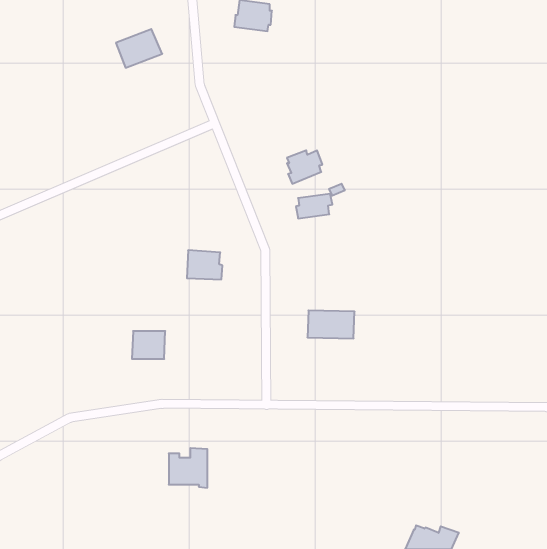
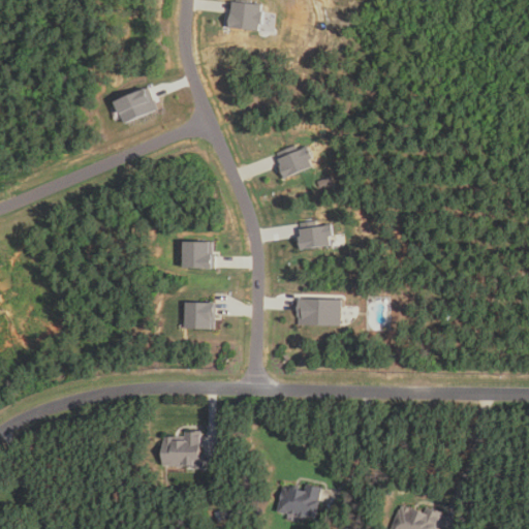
building: [116,29,162,68] -> [113,86,157,123]
building: [296,194,332,218] -> [295,224,331,248]
building: [132,331,165,359] -> [183,303,215,330]
building: none -> [276,485,320,519]

